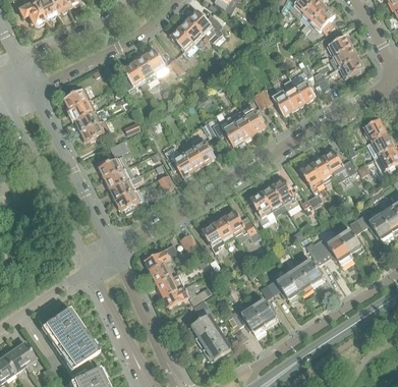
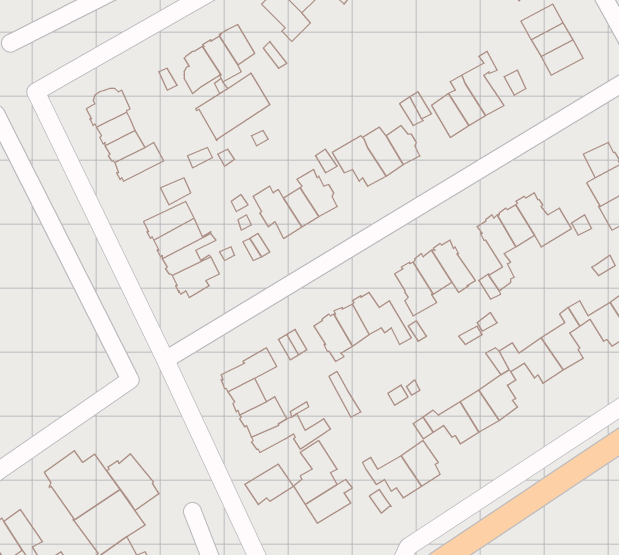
building: none -> [196,73,270,141]
building: none -> [106,454,159,511]
building: [203,336,232,361] -> [245,464,294,505]

